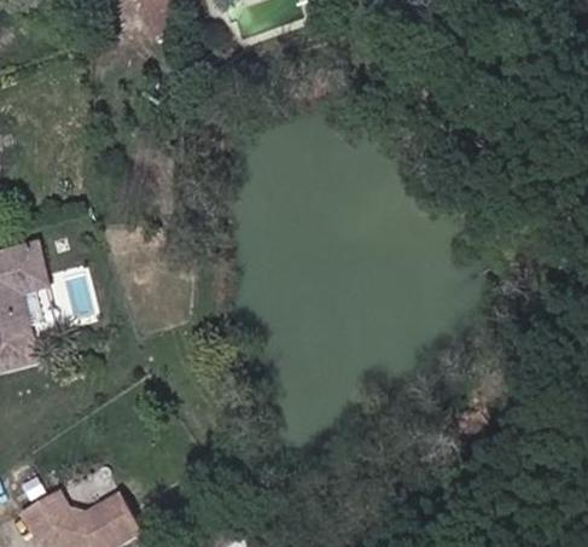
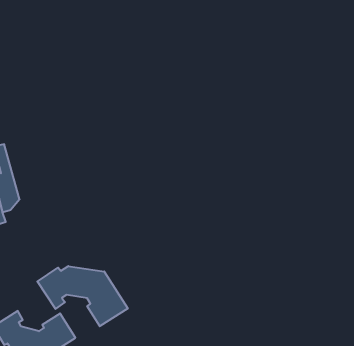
building: none -> [37,266,128,326]

